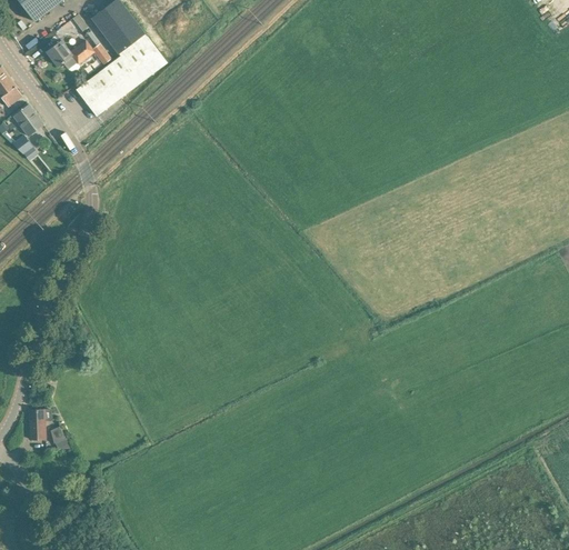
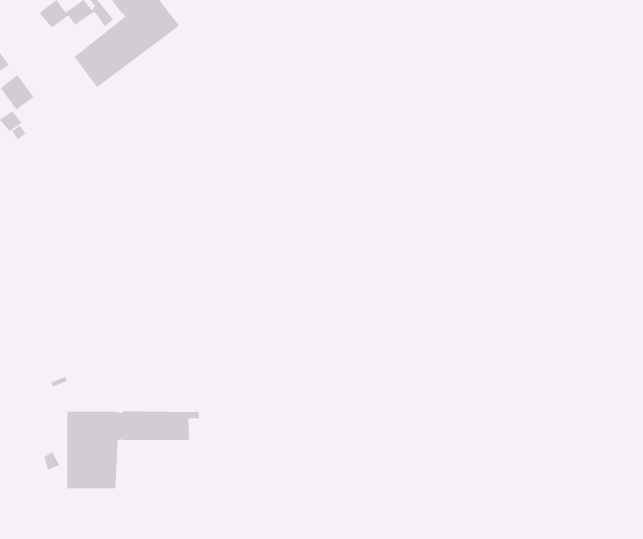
building: none -> [66,411,200,489]
building: [29,409,44,439] -> none

